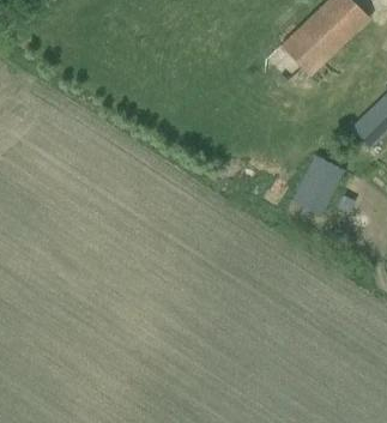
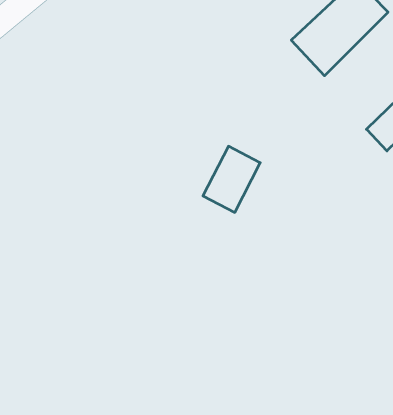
building: [291,153,345,216] -> [203,146,260,212]

